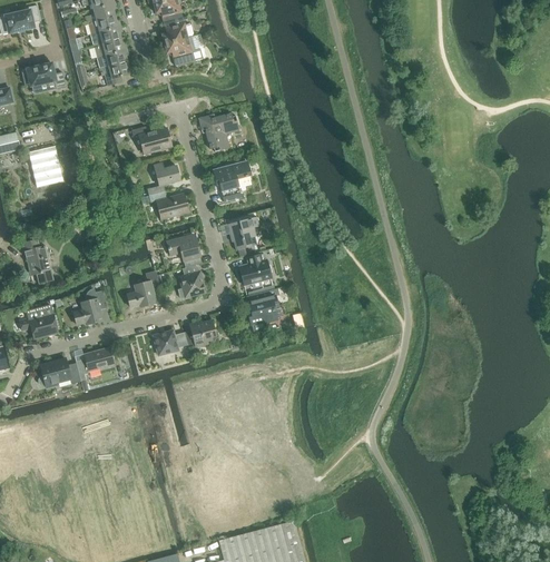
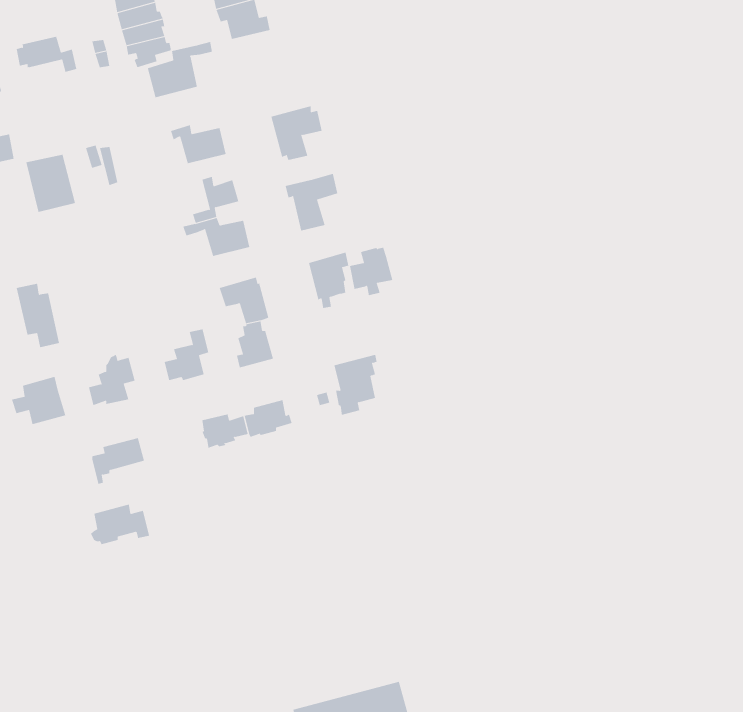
building: none -> [147,41,213,98]
building: [238,254,269,288] -> [349,247,393,296]
building: [37,358,80,387] -> [90,504,151,545]

